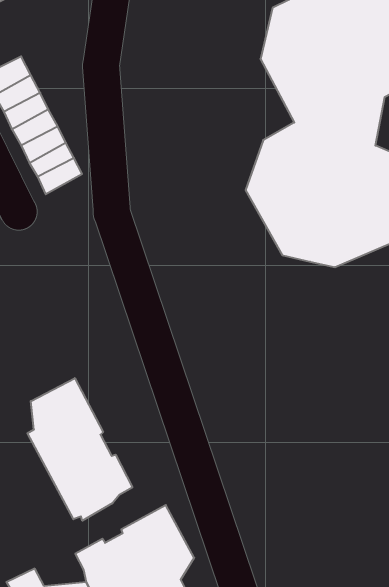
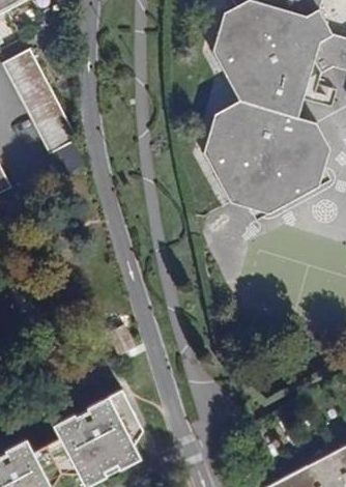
building: [27,378,132,521] -> none

